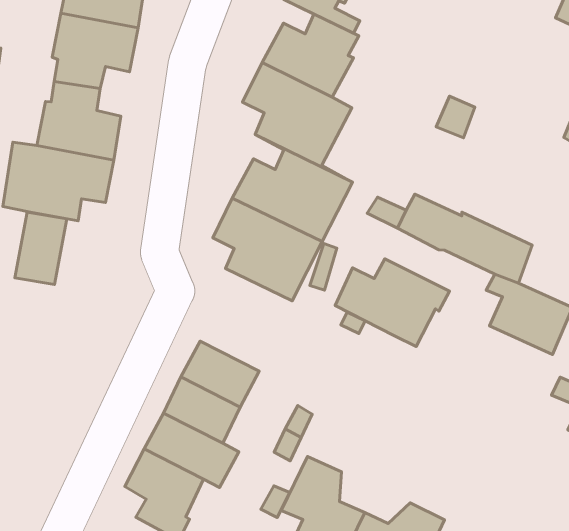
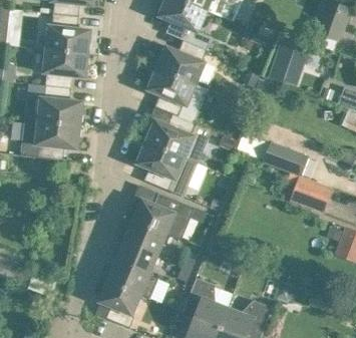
building: none -> [270,37,310,86]
building: [15,212,67,284] -> none
building: [335,259,450,347] -> [132,193,194,239]

